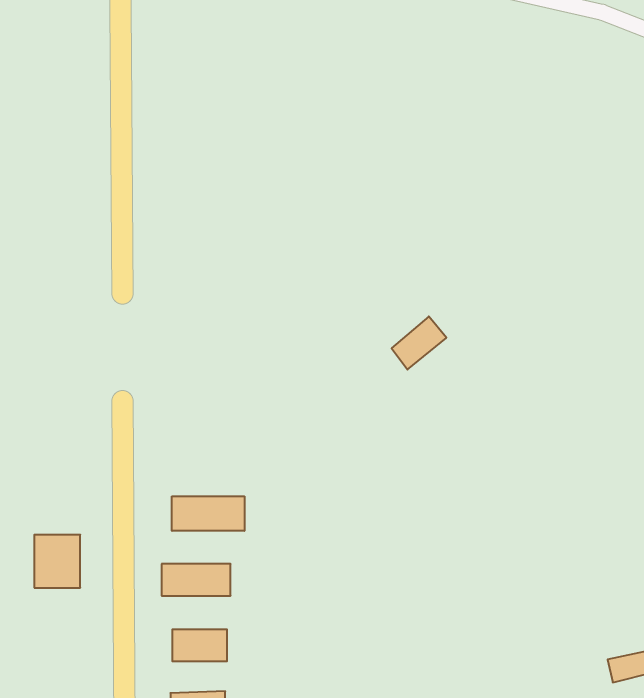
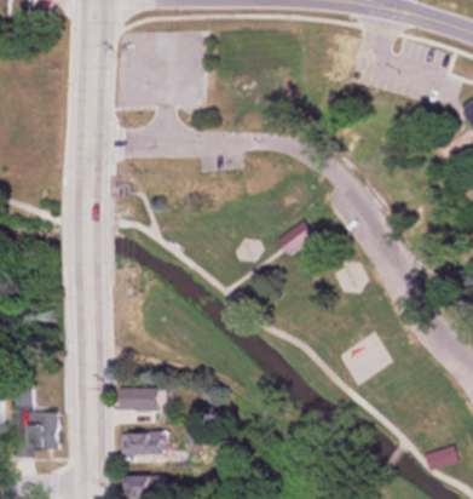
building: [172,496,244,531] -> none
building: [34,535,80,588] -> [27,412,58,448]

